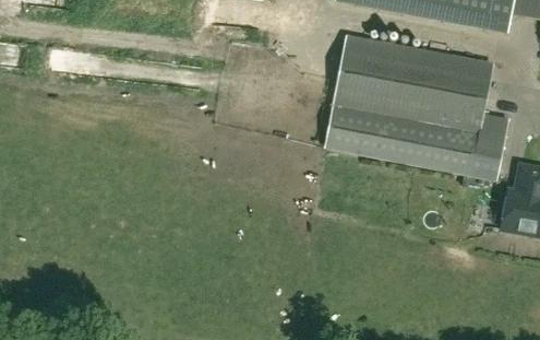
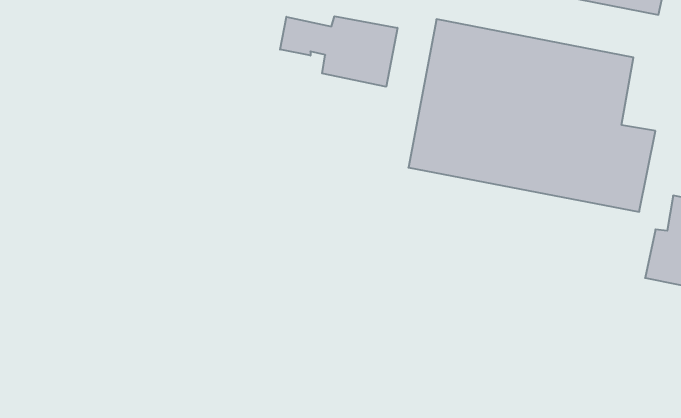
building: none -> [280,16,397,87]

